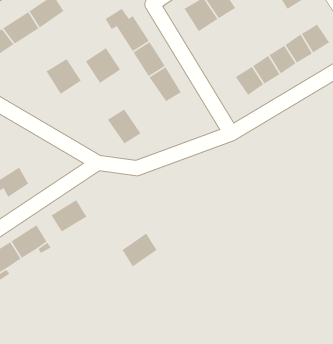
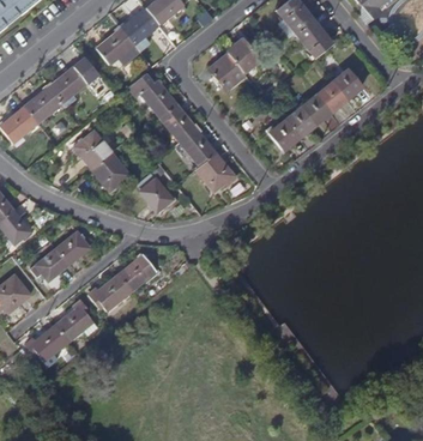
building: [85,47,121,84] -> [91,152,129,191]
building: none -> [195,153,236,194]
building: none -> [56,231,90,264]
building: [122,233,158,267] -> [119,254,156,291]

